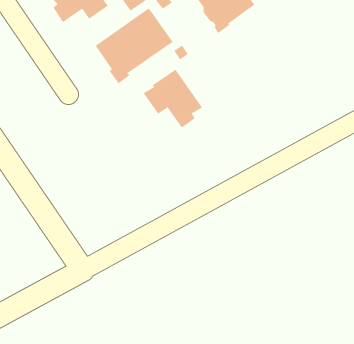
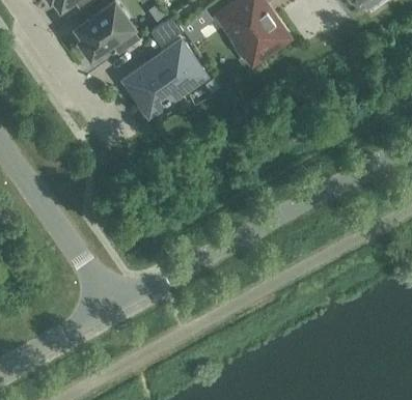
building: [143,69,203,128] -> none

